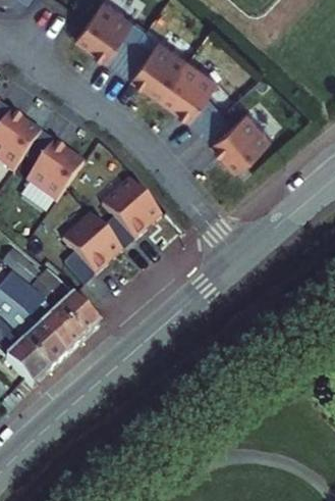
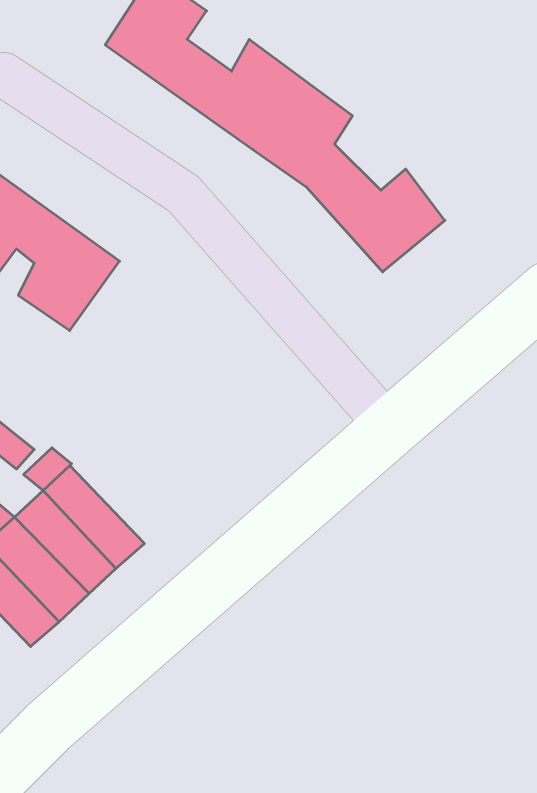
building: [63,181,162,285] -> none

